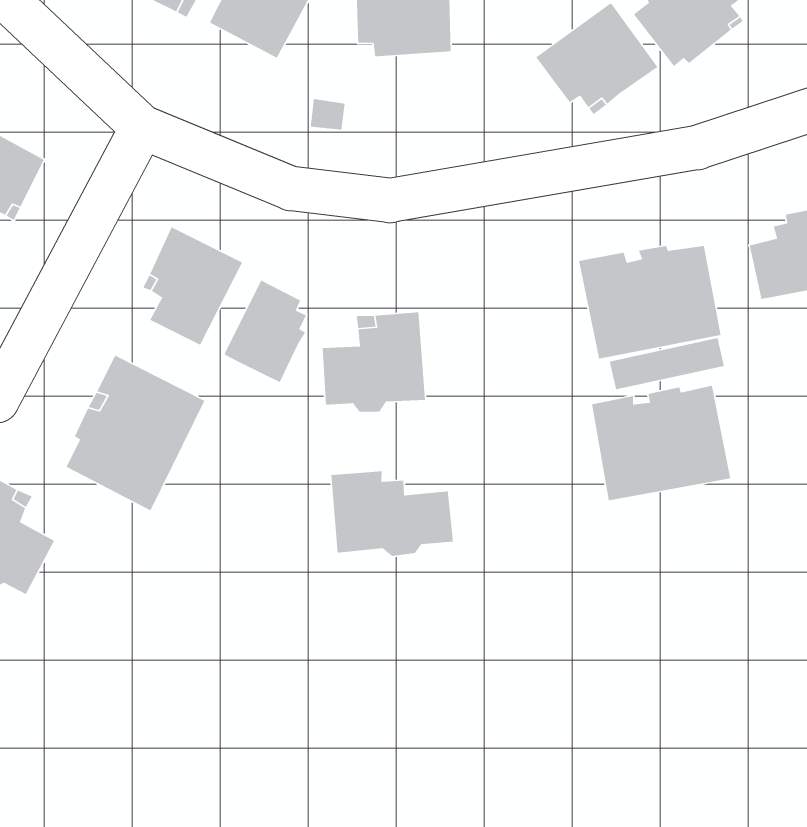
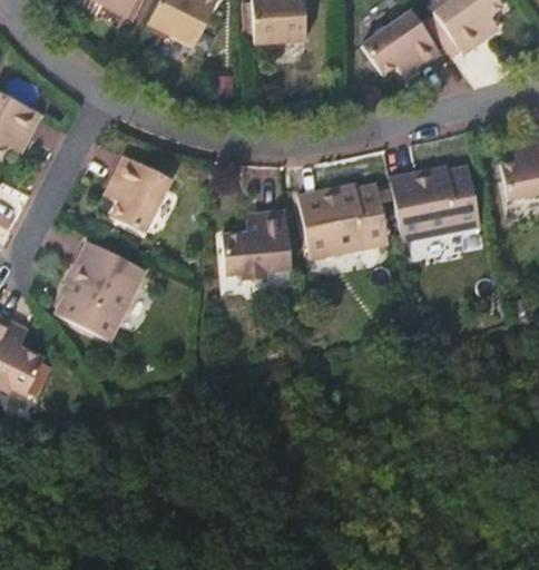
building: [223,279,307,383] -> none
building: [591,385,731,501] -> [298,184,390,259]
building: [331,470,454,557] -> none

